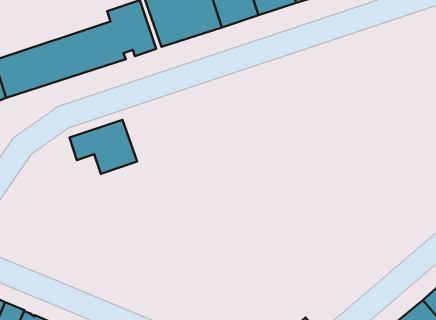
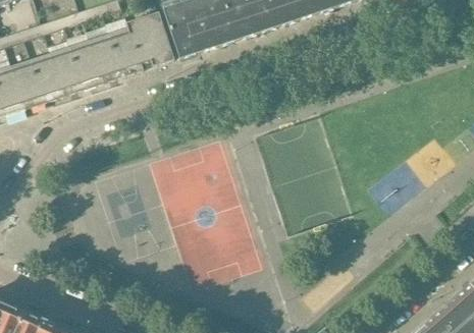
building: [69,120,137,174] -> none

